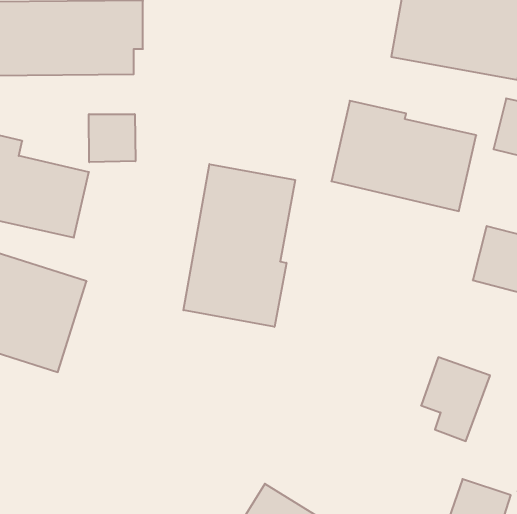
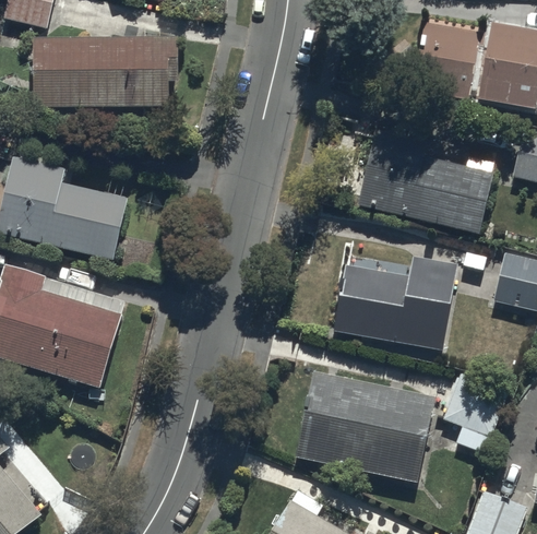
building: [89,114,135,162] -> none
building: [183,164,295,327] -> none
building: none -> [334,256,457,351]
building: none -> [294,369,435,482]

